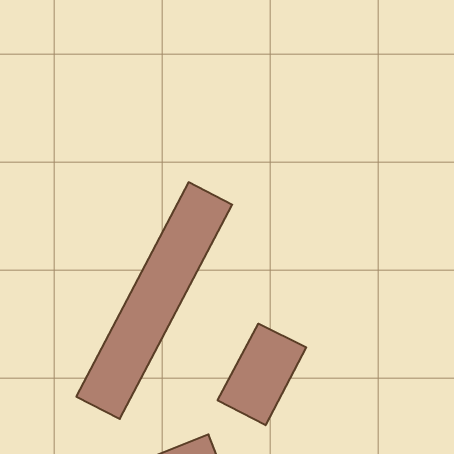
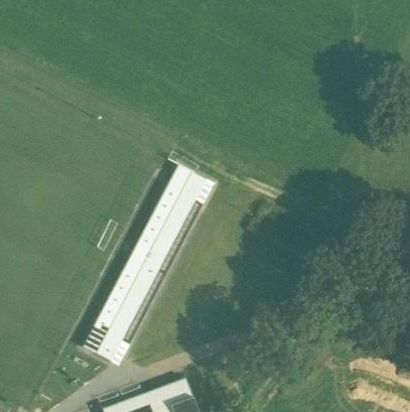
building: [218,324,306,425] -> none

